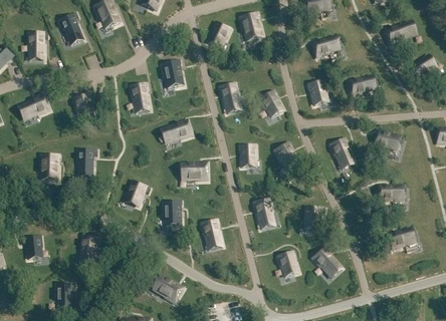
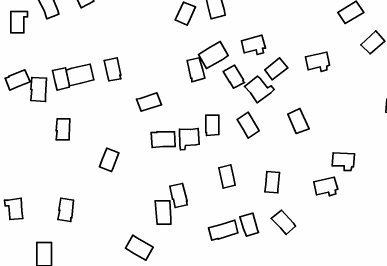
building: [313,38,340,59] -> [241,35,265,55]
building: [163,60,183,88] -> none
building: none -> [198,41,228,69]
building: none -> [66,64,94,86]
building: none -> [245,76,274,103]
building: [374,131,401,155] -> none
building: [41,154,58,181] -> [31,77,46,101]
building: none -> [180,128,199,150]
building: [164,202,181,227] -> [155,201,171,224]
building: [389,231,415,251] -> [314,177,338,196]
building: none -> [209,220,238,240]

